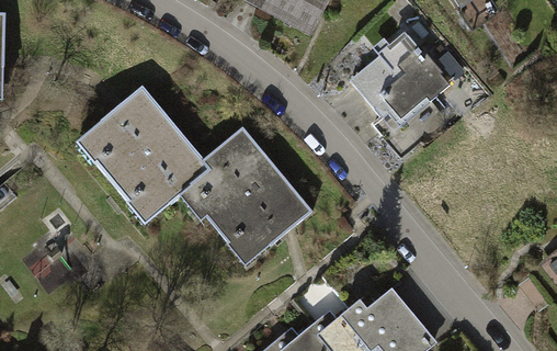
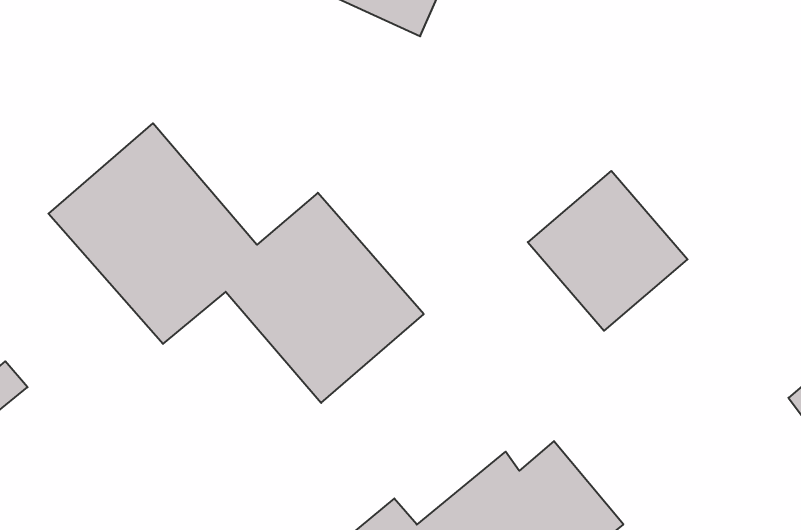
building: [344,29,445,129] -> [528,171,688,331]

